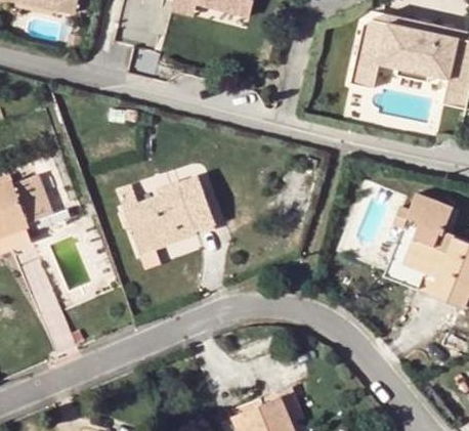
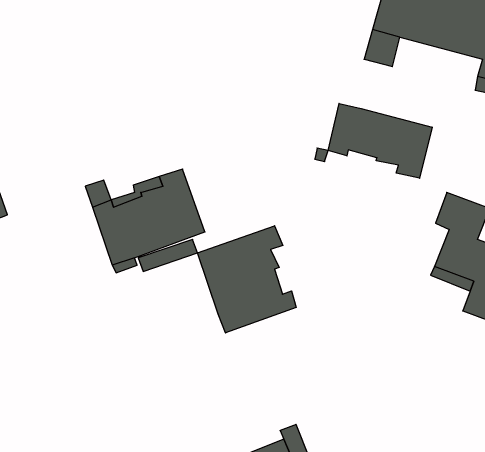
building: none -> [328,103,432,178]
building: none -> [197,226,296,333]

